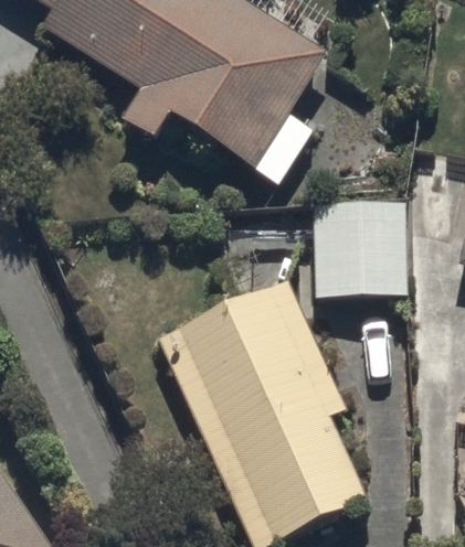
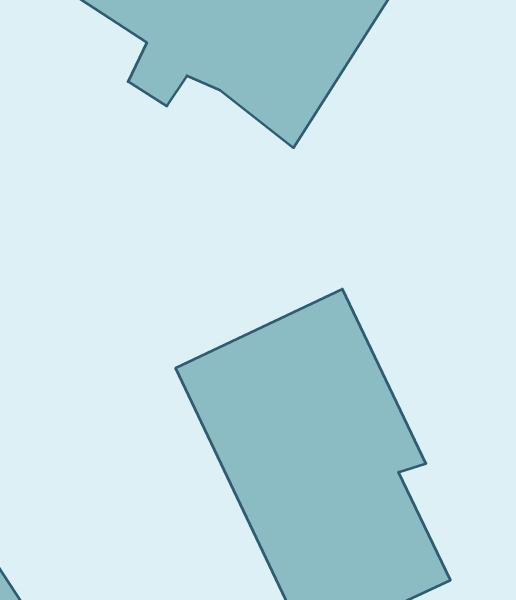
building: [308,197,403,298] -> none

